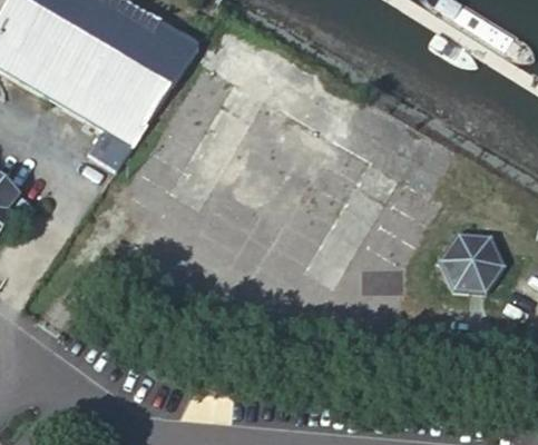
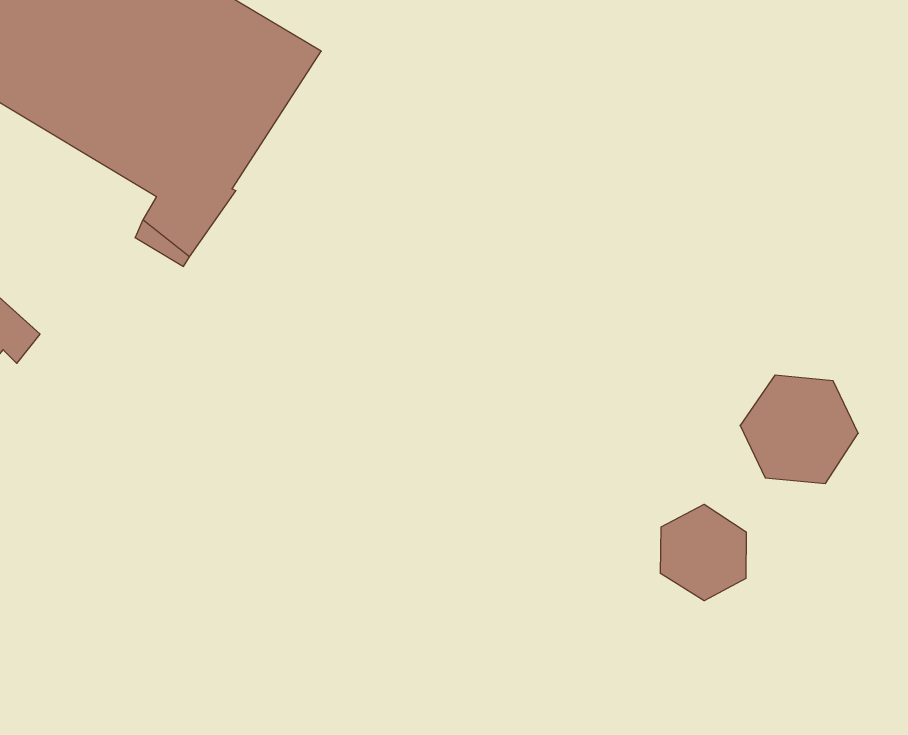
building: none -> [661,504,746,601]

